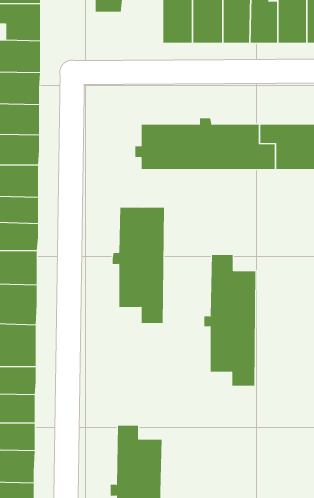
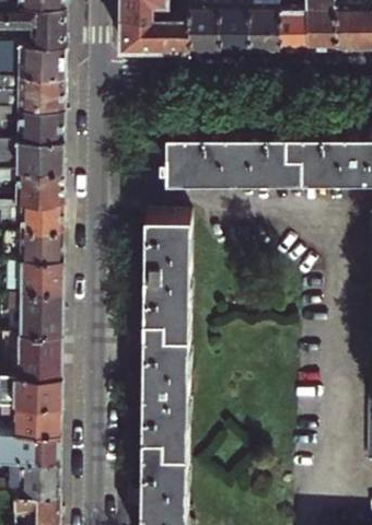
building: none -> [118,25,188,57]
building: [204,255,256,386] -> [136,325,189,458]

